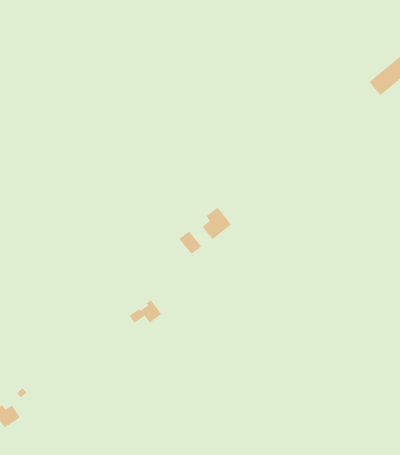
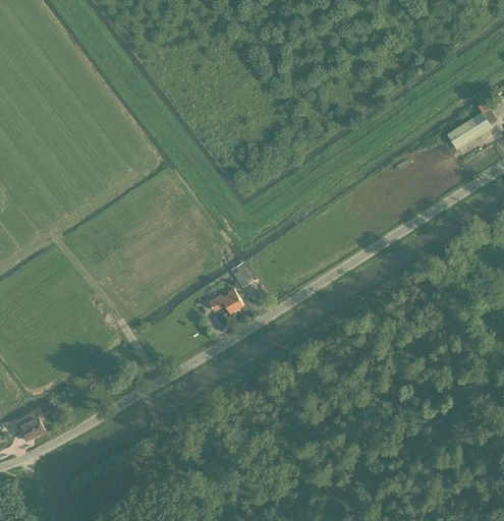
building: [202,206,232,240] -> none
building: [129,300,162,324] -> [210,288,244,312]

